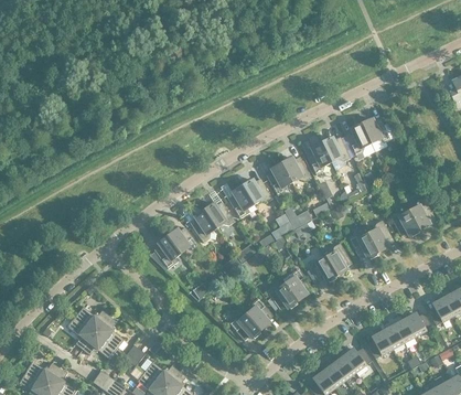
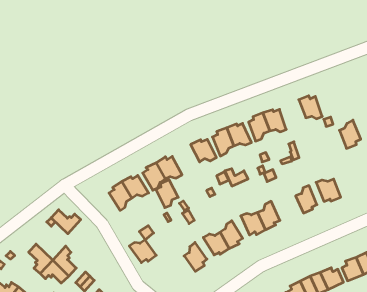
building: [344,122,369,156] -> none
building: [226,185,253,217] -> [156,180,178,208]
building: [408,196,433,229] -> [339,120,361,148]
building: [347,233,377,258] -> none
building: [74,306,108,332] -> [51,210,81,234]
building: [227,313,259,340] -> [129,240,156,263]

